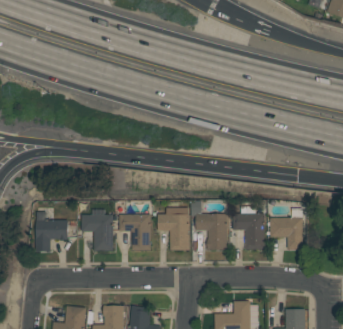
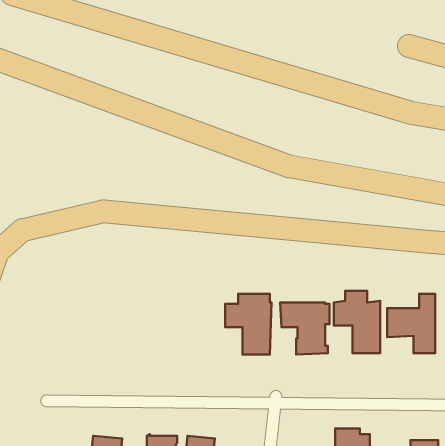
building: [81,210,112,251] -> none
building: [34,212,67,251] -> none
building: [119,214,150,251] -> none

